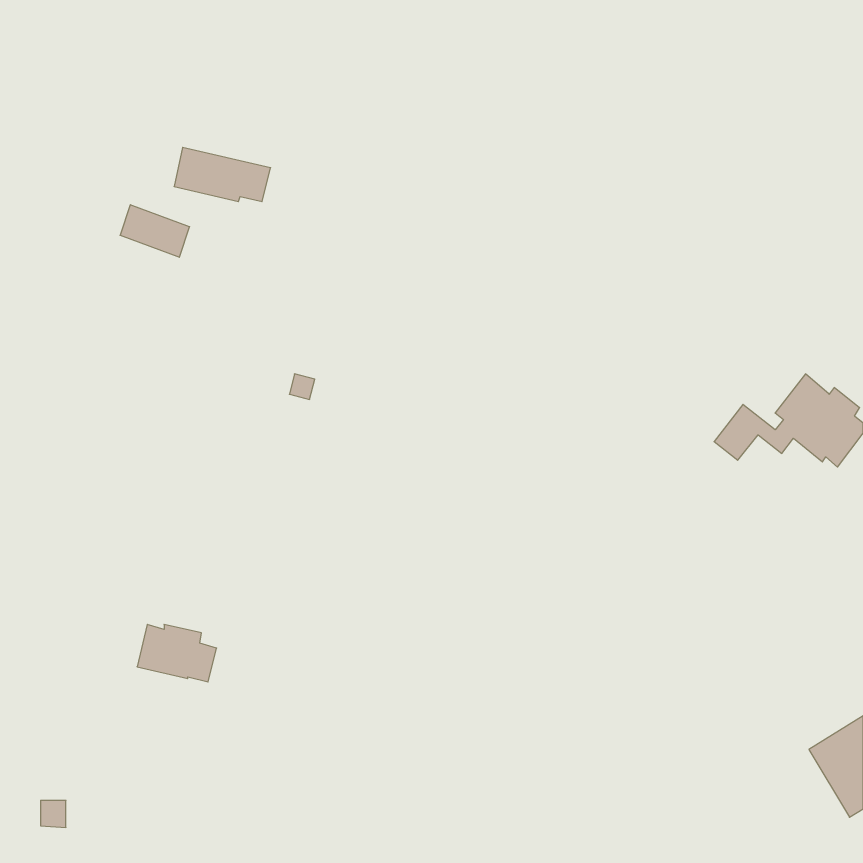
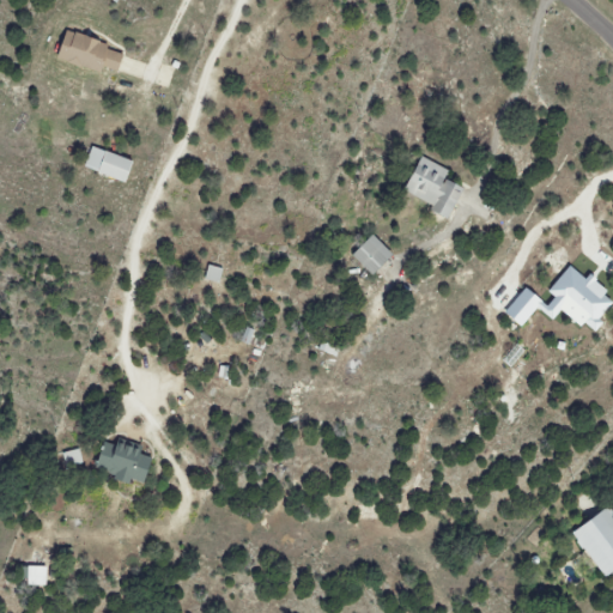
building: [174,147,271,202] -> [57,32,126,71]
building: none -> [405,156,465,218]
building: none -> [353,235,393,275]

